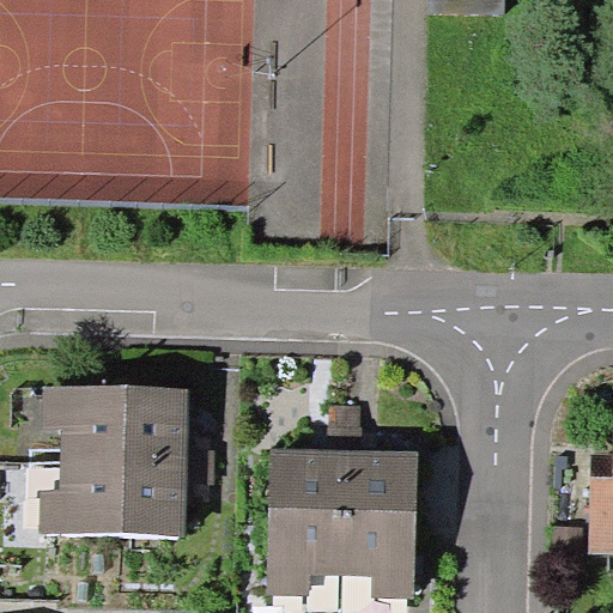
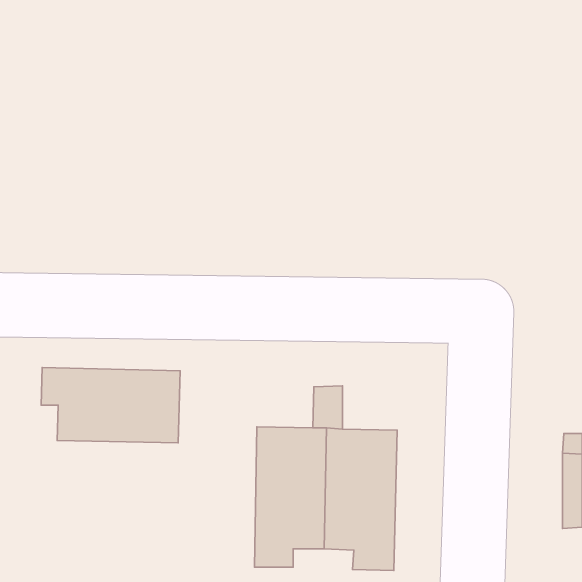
building: [38,463,187,538] -> none

